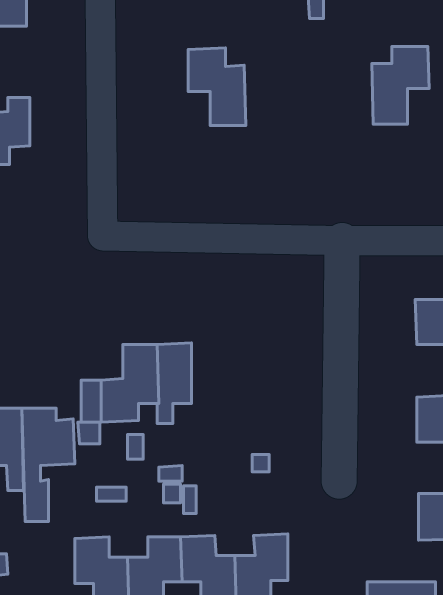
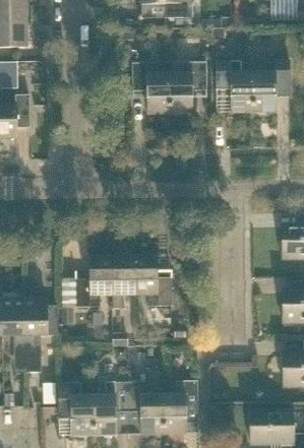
building: none -> [216,61,253,112]
building: none -> [169,62,206,113]
building: none -> [134,255,172,306]

